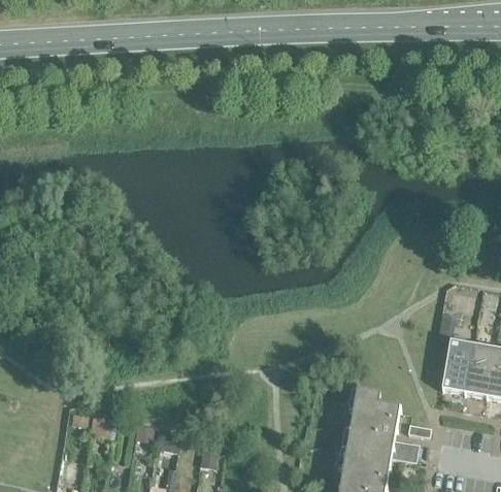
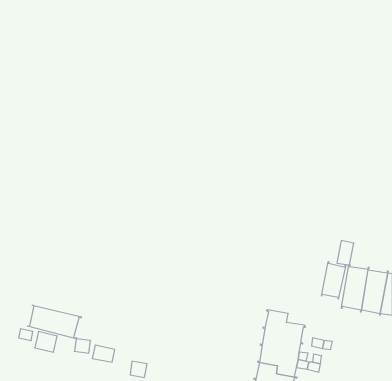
building: none -> [322,262,346,299]
building: none -> [27,305,81,339]

